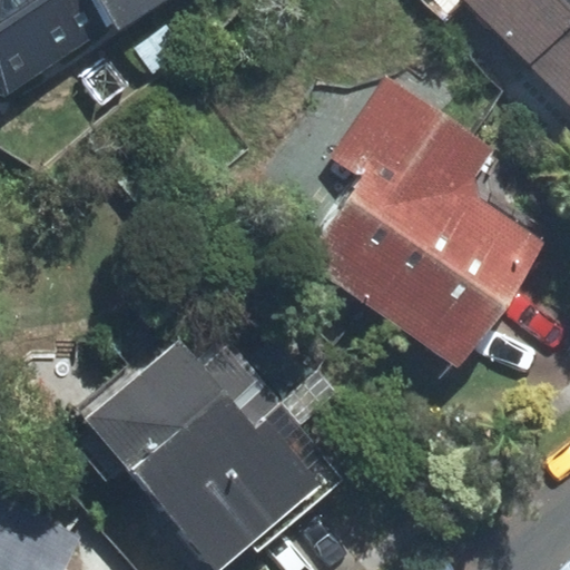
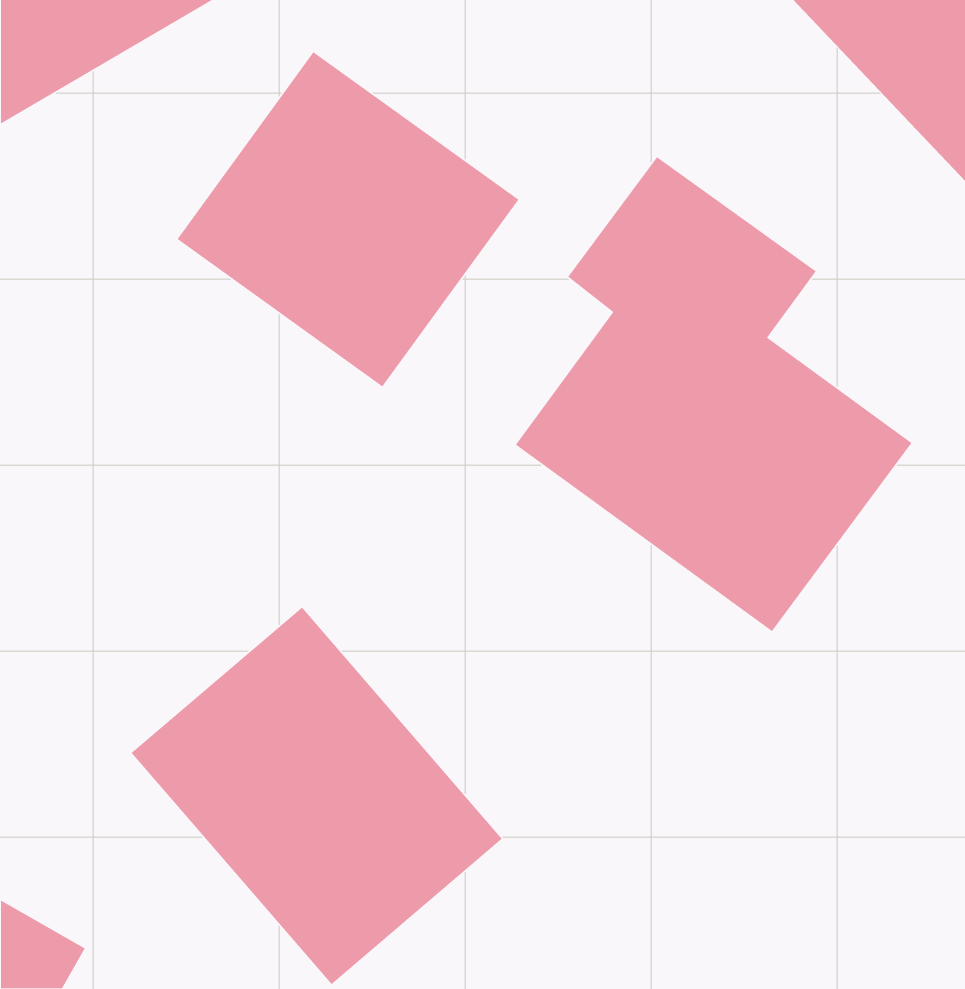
building: none -> [177,51,519,388]

